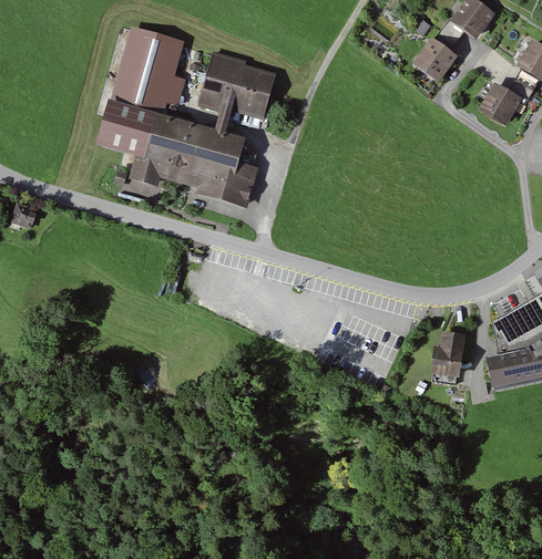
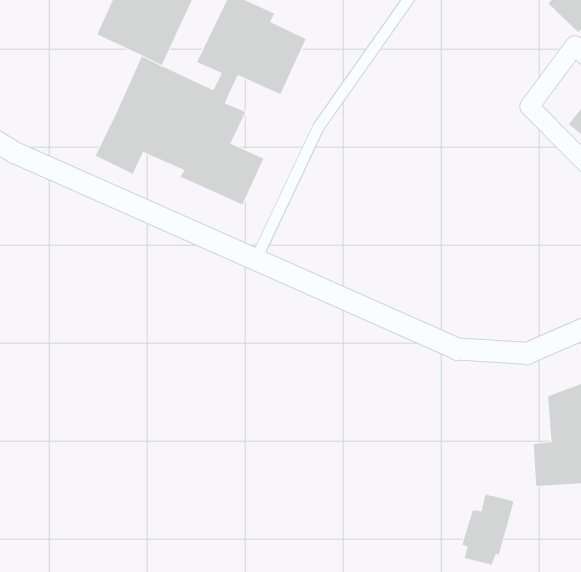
building: [413,35,459,82] -> none
building: [95,94,150,152] -> none
building: [431,329,467,382] -> [461,494,515,565]

